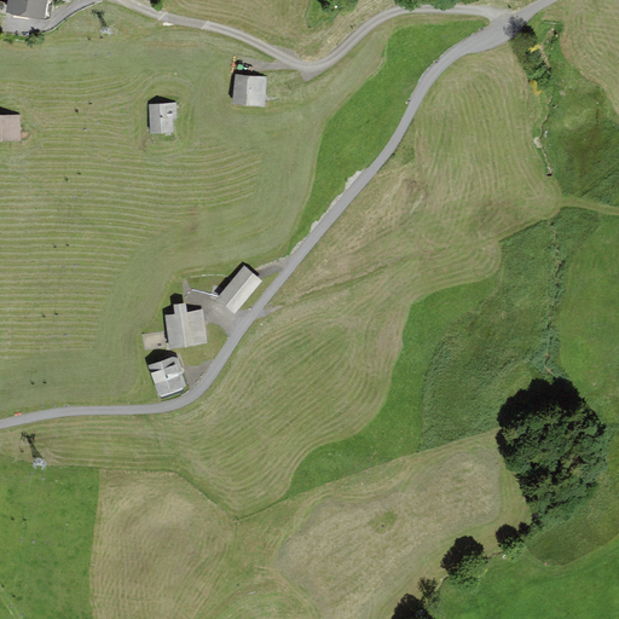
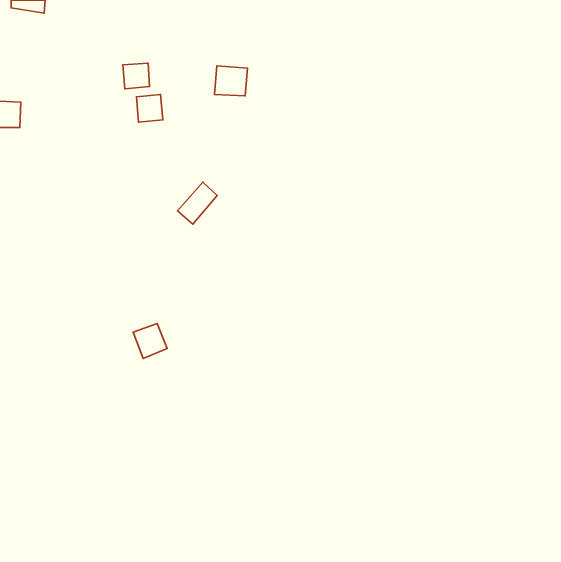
building: none -> [123,63,150,89]
building: [215,265,259,311] -> [177,182,217,224]
building: [163,301,206,347] -> none

